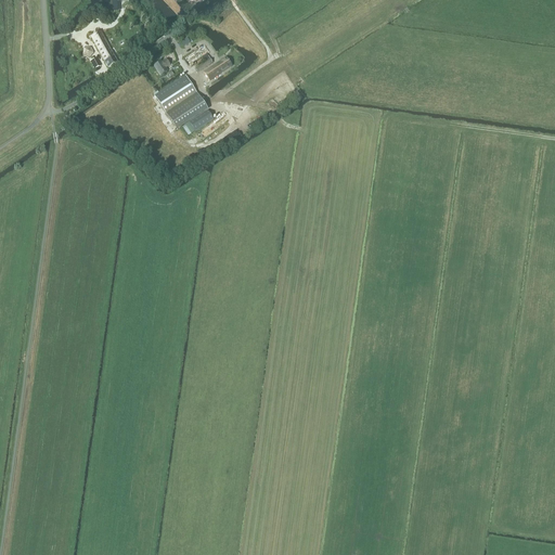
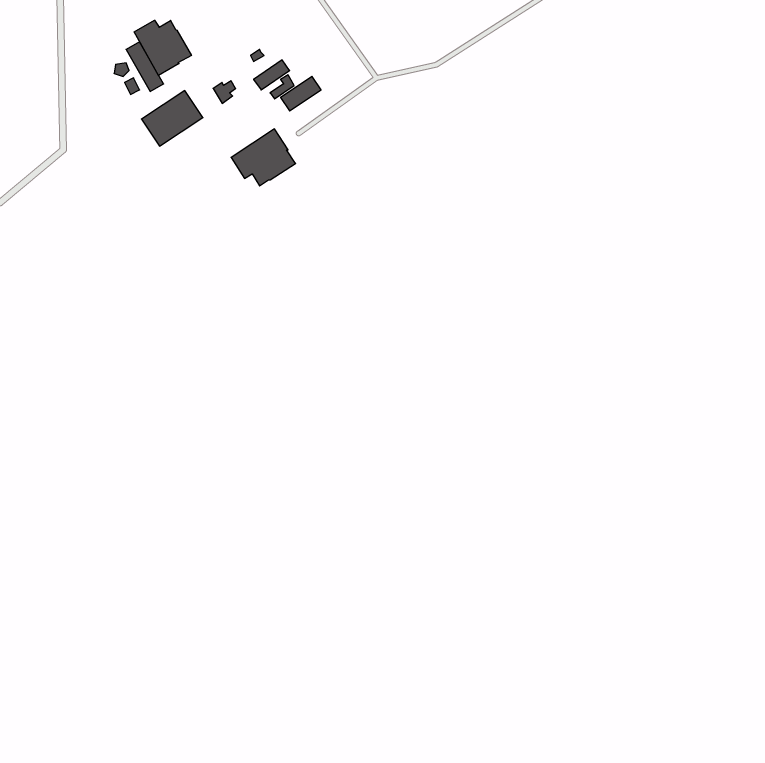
building: none -> [134,20,191,75]
building: [155,74,199,114] -> [141,91,203,146]

